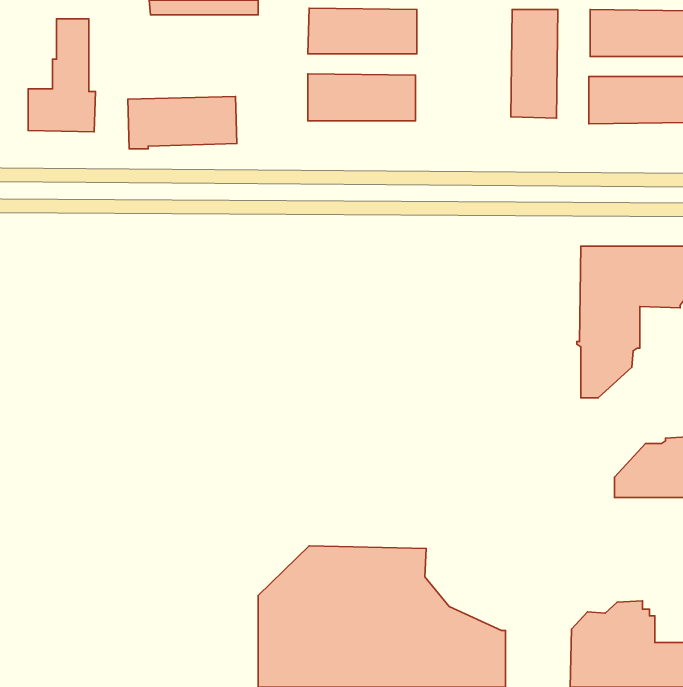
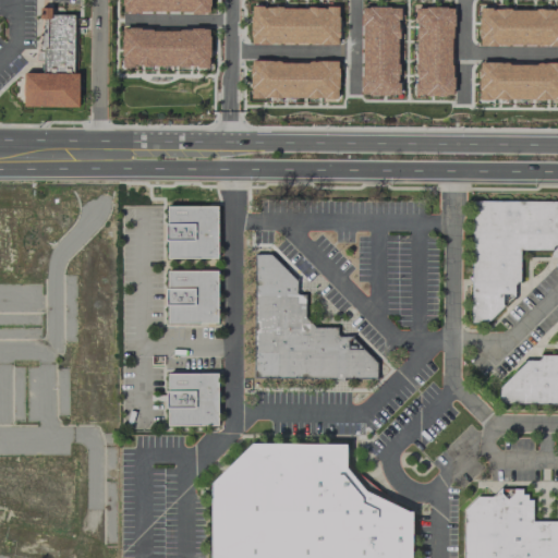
building: none -> [364,7,402,95]
building: [128,96,237,149] -> [124,27,213,70]
building: none -> [168,206,219,257]
building: none -> [257,254,378,380]
building: none -> [169,270,220,323]
building: none -> [168,373,219,425]

